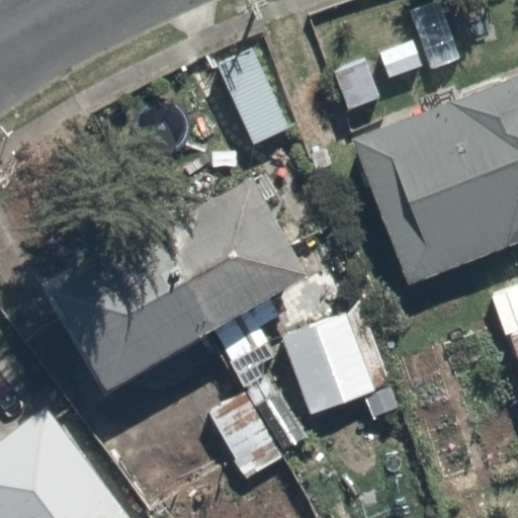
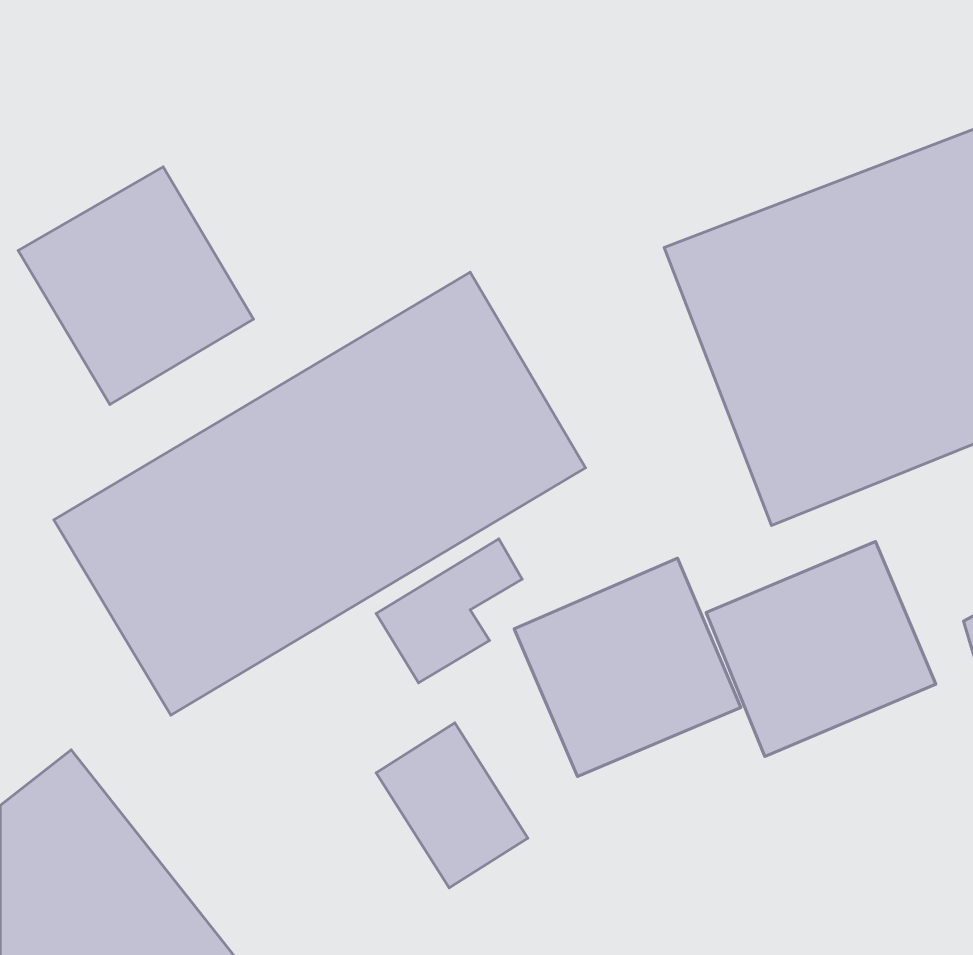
building: none -> [18,167,253,405]
building: none -> [706,541,936,757]

